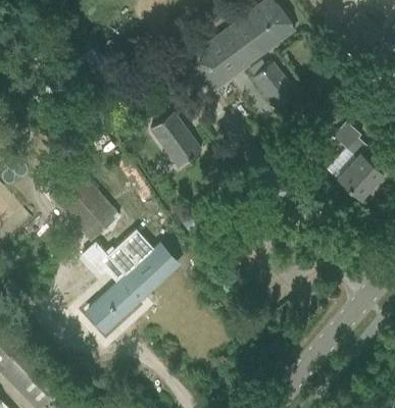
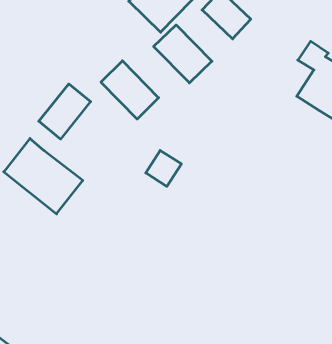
building: none -> [154,25,212,83]
building: none -> [39,84,91,139]
building: [82,230,177,330] -> none

